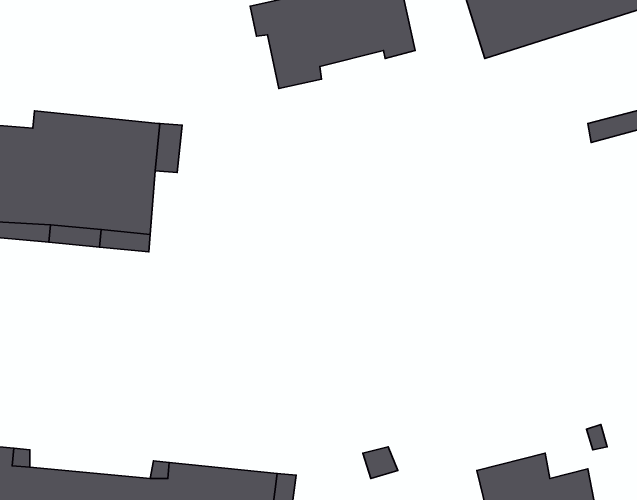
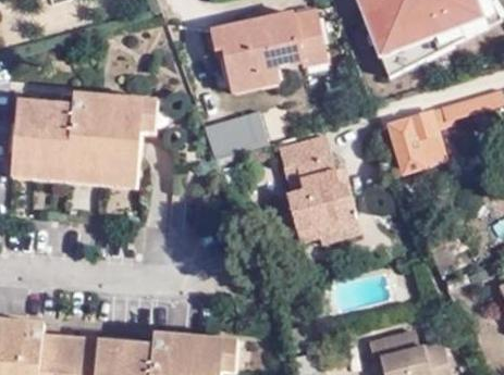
building: none -> [389,110,438,176]
building: none -> [205,111,269,157]
building: none -> [276,135,361,247]

